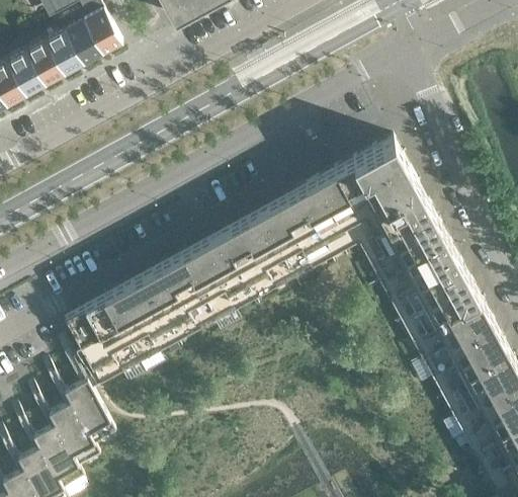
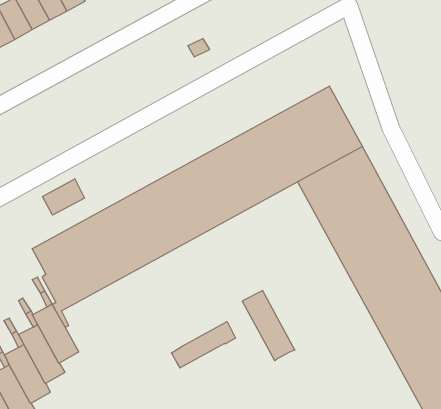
building: none -> [42,179,85,215]
building: none -> [242,290,295,361]
building: none -> [171,322,236,368]

